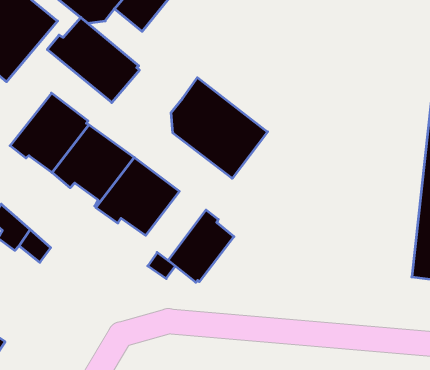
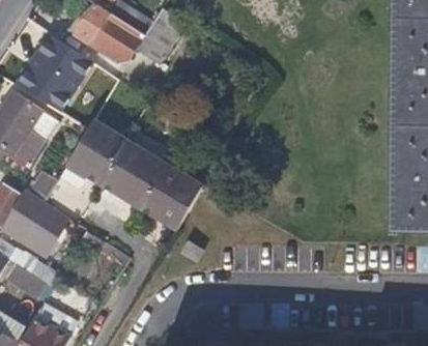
building: [47,17,139,103] -> none
building: [171,78,268,178] -> none
building: [168,210,234,282] -> none

